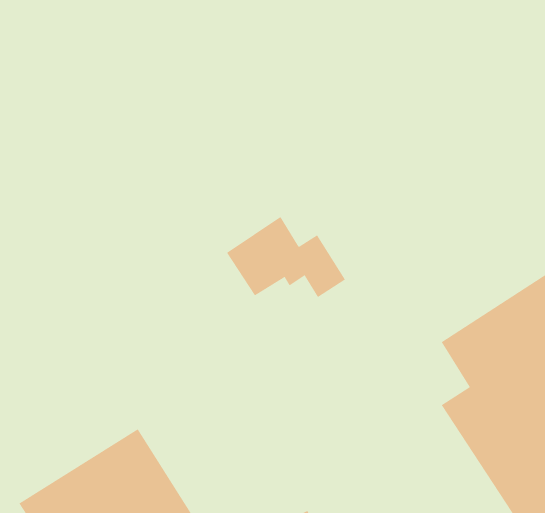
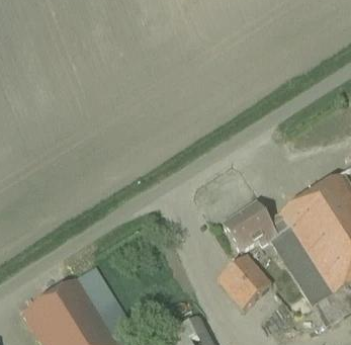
building: [226,216,346,298] -> [224,203,296,253]
building: none -> [218,255,270,308]

